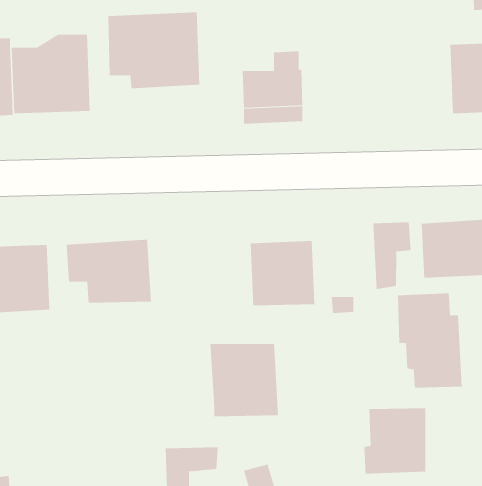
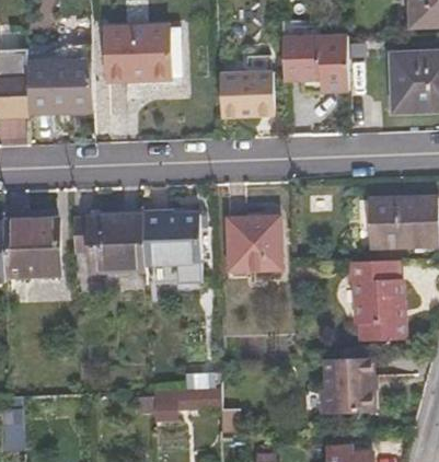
building: none -> [281,35,346,91]
building: [373,221,411,290] -> none
building: [210,344,279,417] -> [140,215,198,276]

